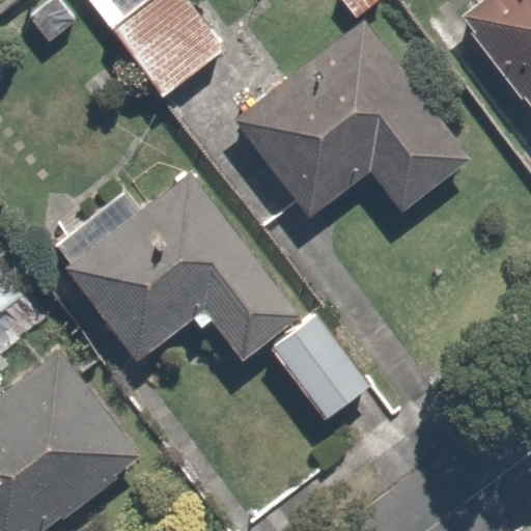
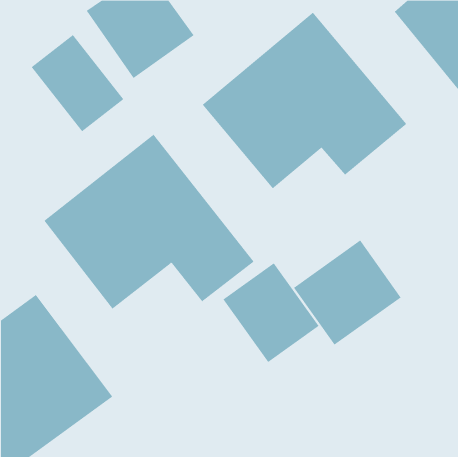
building: none -> [31,34,124,132]
building: none -> [293,240,401,346]

